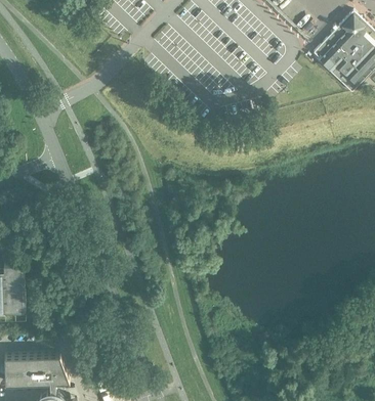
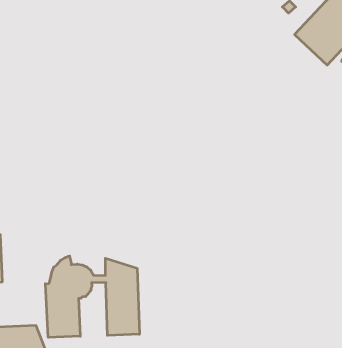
building: none -> [45,256,139,337]

